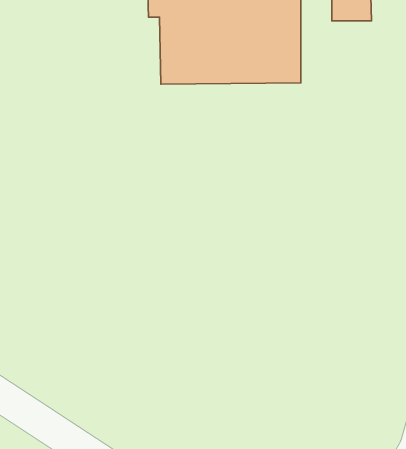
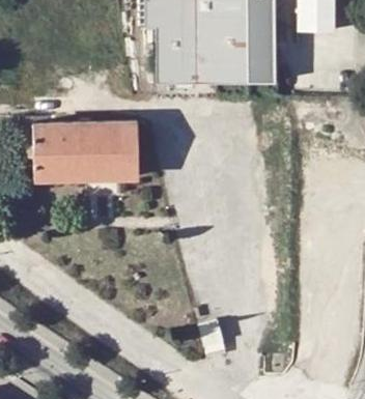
building: none -> [33,122,138,179]

